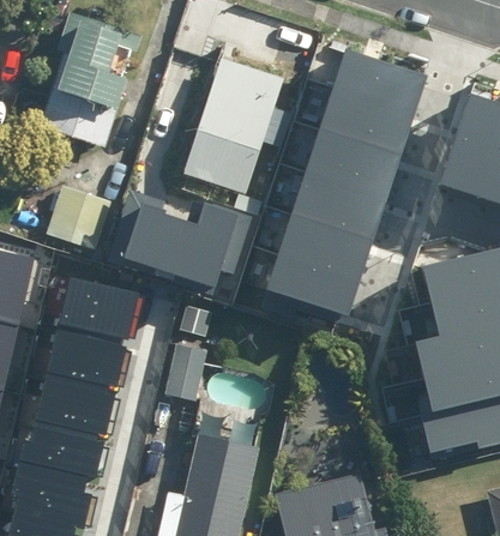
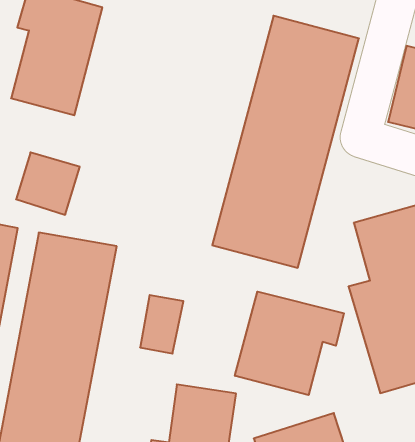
building: [187,60,287,195] -> none
building: [114,176,247,289] -> none
building: none -> [235,292,344,395]

